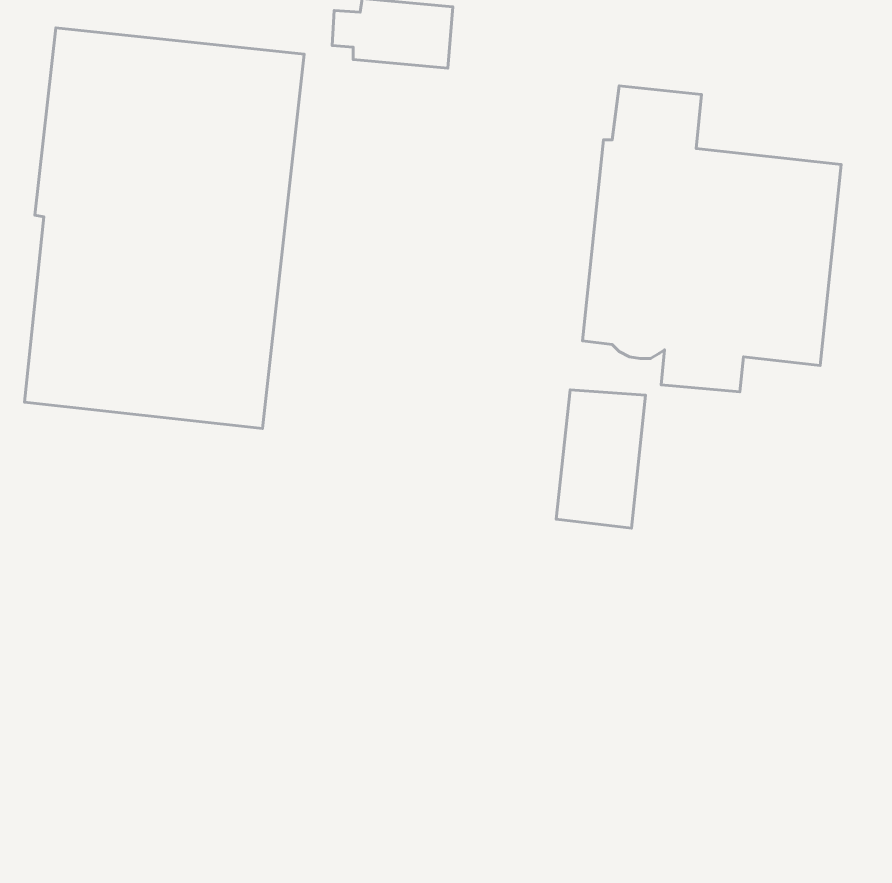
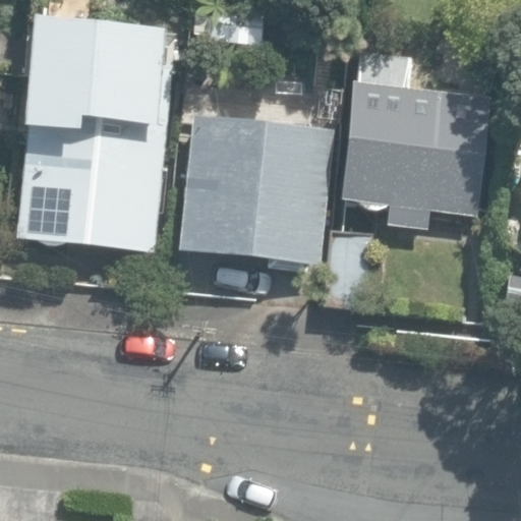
building: none -> [179,114,336,265]

